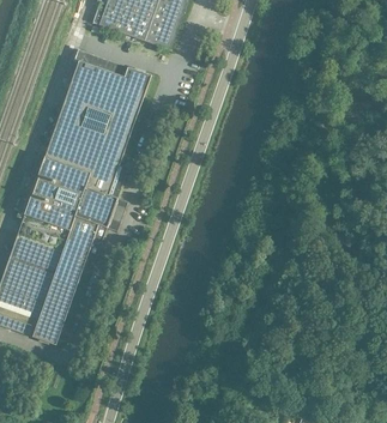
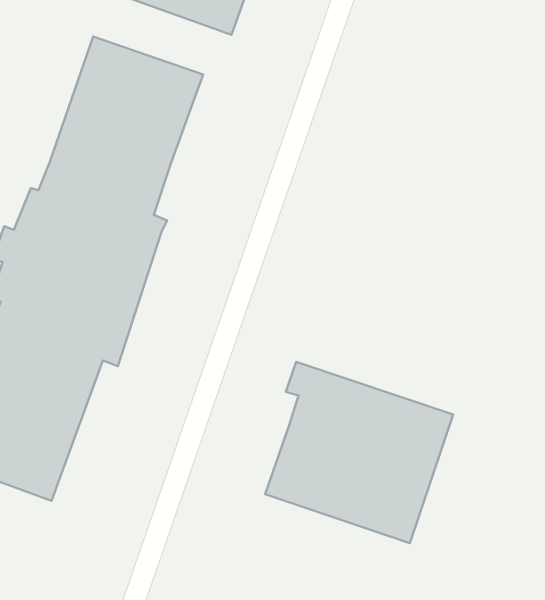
building: none -> [265,362,453,543]

